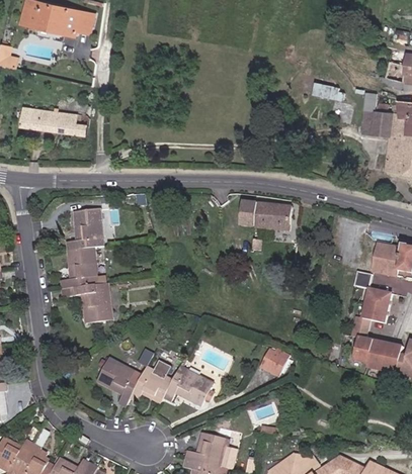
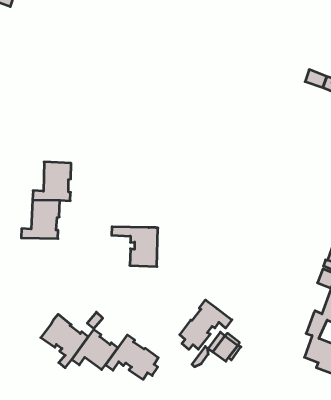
building: [19,107,85,134] -> none
building: [240,201,291,230] -> none
building: [62,283,111,323] -> [112,227,158,267]
building: none -> [180,300,232,349]

